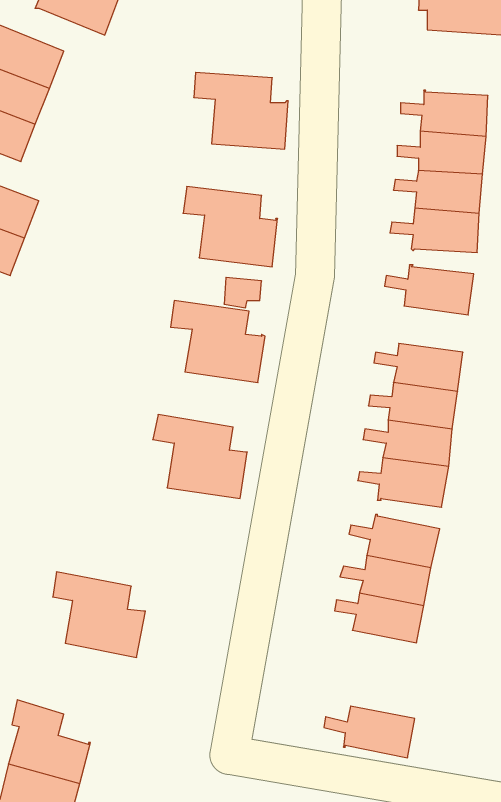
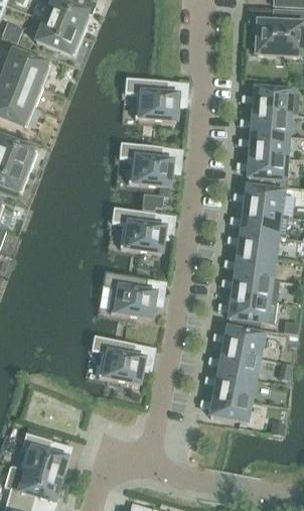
building: none -> [230,210,280,236]
building: [53,572,145,657] -> [92,336,144,384]
building: [324,706,415,758] -> [199,393,251,422]

